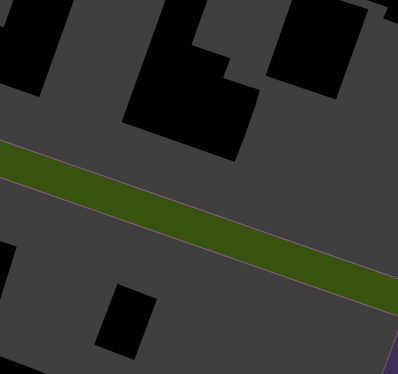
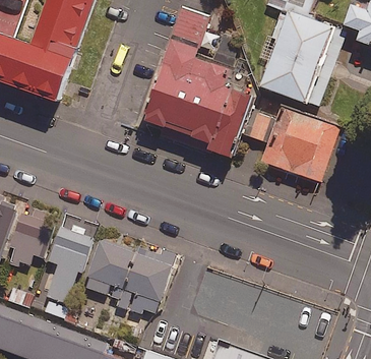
building: none -> [241,104,339,182]
building: none -> [42,229,90,308]
building: none -> [80,241,134,301]

